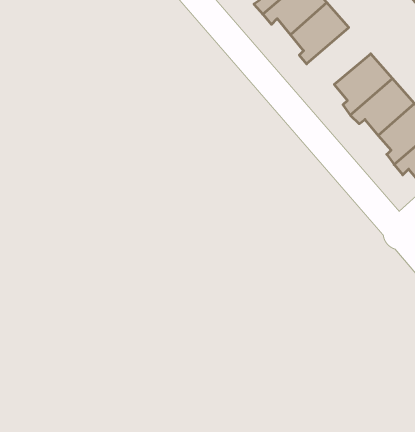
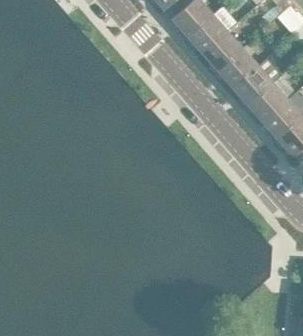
building: none -> [214,46,258,85]

